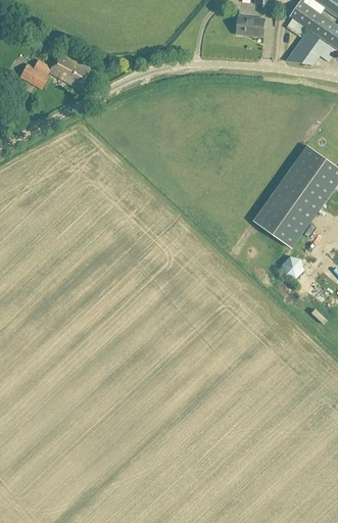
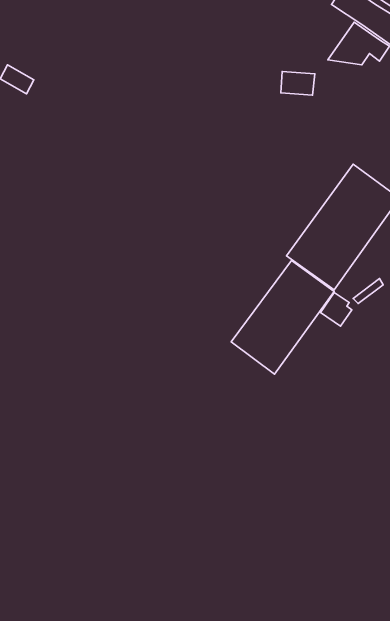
building: [236,16,263,36] -> [281,71,315,95]
building: [48,51,89,88] -> none
building: none -> [231,261,334,374]

